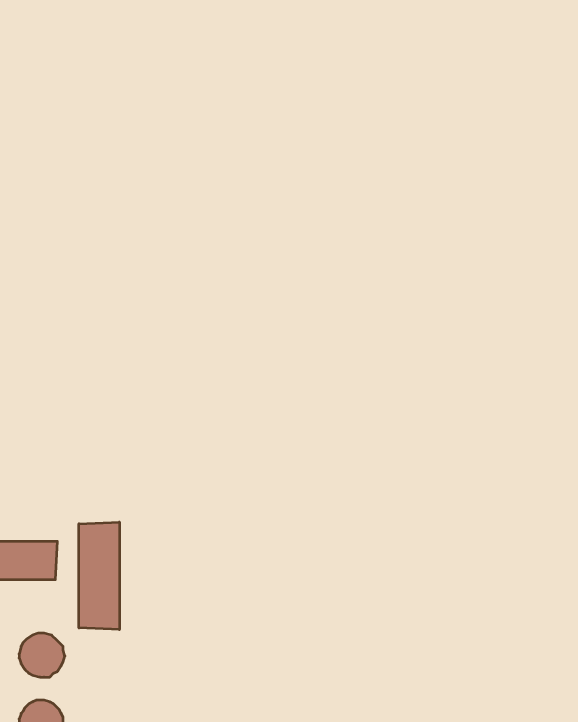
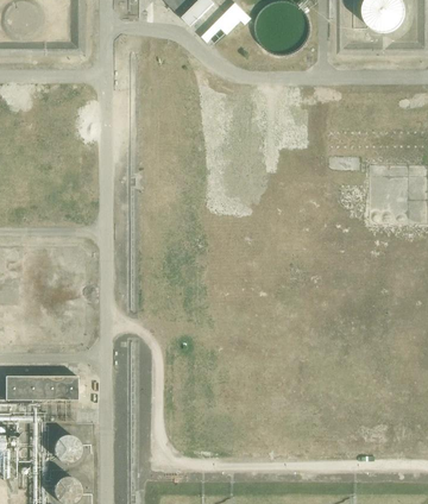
building: [79,522,119,630] -> none

